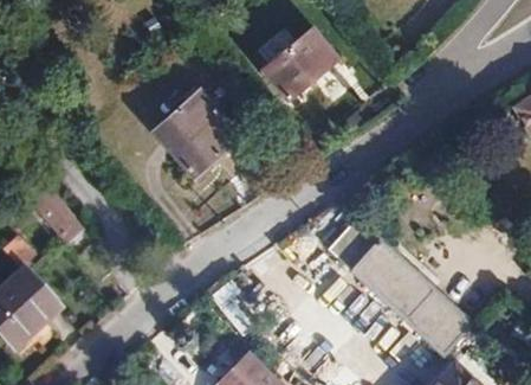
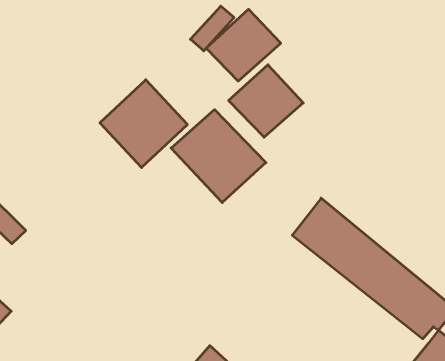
building: none -> [229,65,303,137]
building: none -> [171,110,266,203]

